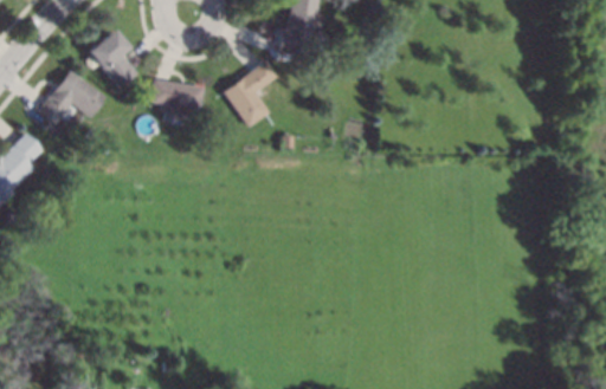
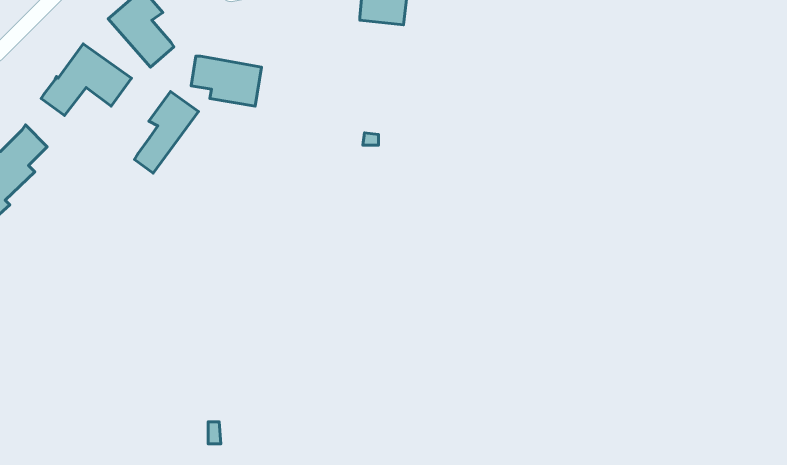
building: [224,59,278,127] -> none
building: none -> [134,91,198,173]

